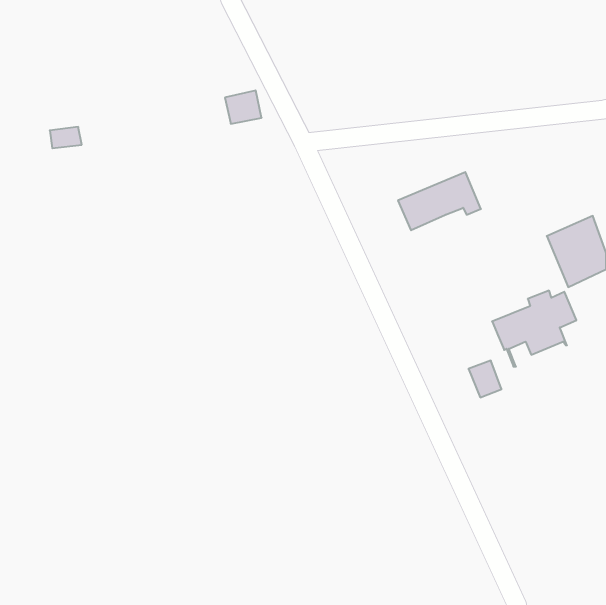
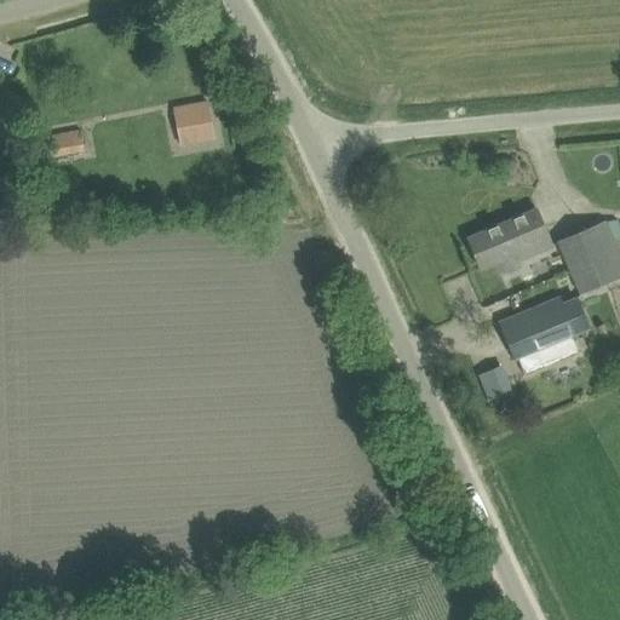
building: [225,90,262,124] -> [173,99,211,133]
building: [398,172,481,230] -> [467,208,552,268]

